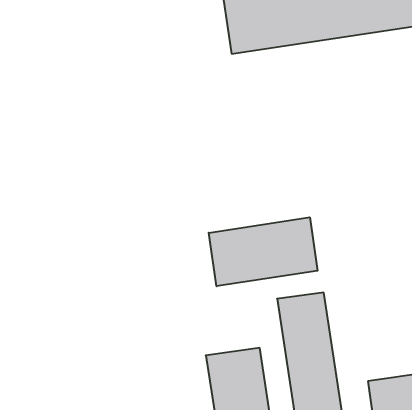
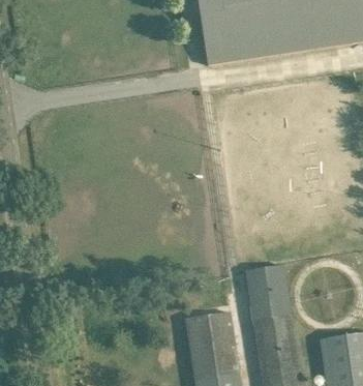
building: [209,217,318,286] -> none

